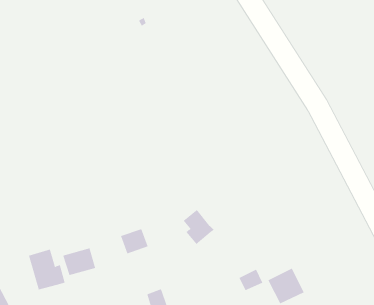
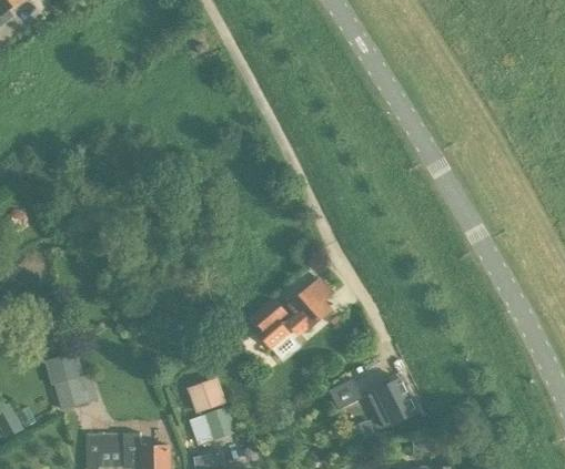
building: none -> [287,277,331,337]
building: [120,228,148,254] -> [186,378,224,412]
building: [63,248,96,276] -> none

